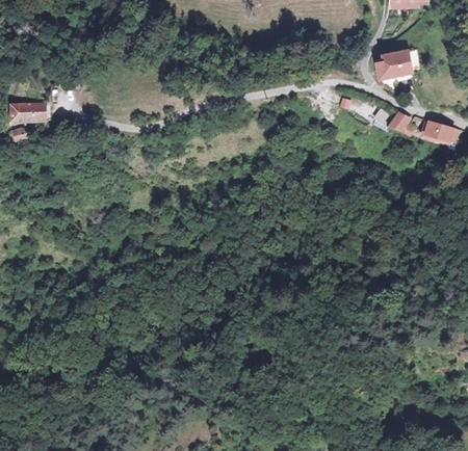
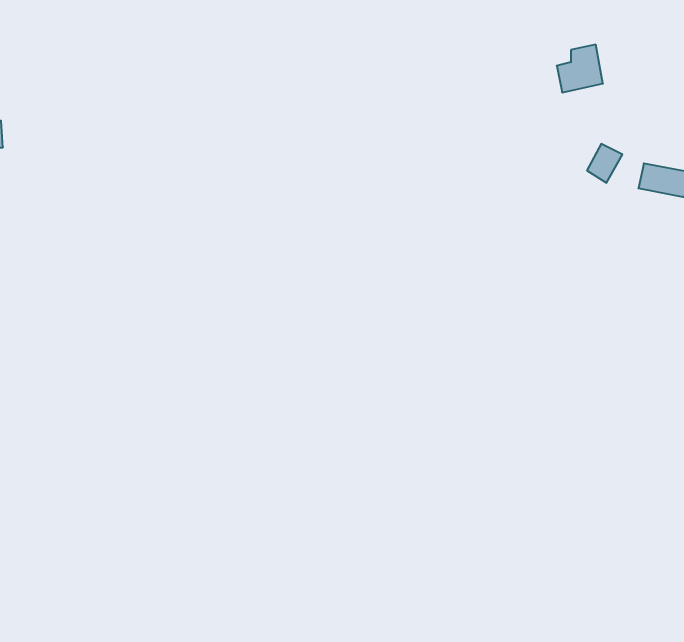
building: [390,53,412,79] -> none

